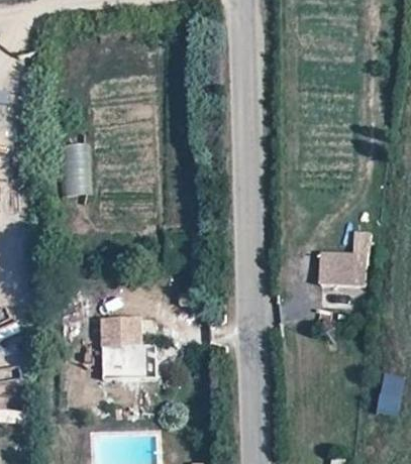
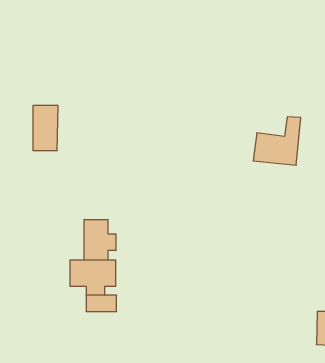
building: [315,234,369,288] -> [253,117,301,165]
building: none -> [84,219,116,260]

